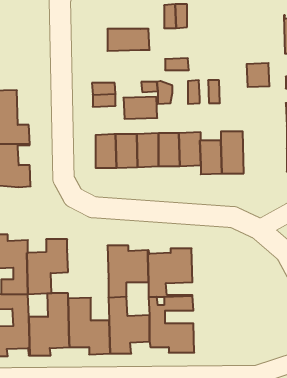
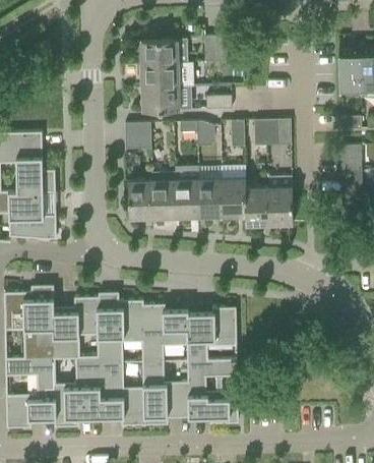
building: none -> [141,40,188,64]
building: [247,63,270,87] -> [266,120,292,147]
building: [123,97,157,119] -> [142,88,180,112]
building: none -> [98,298,143,364]

